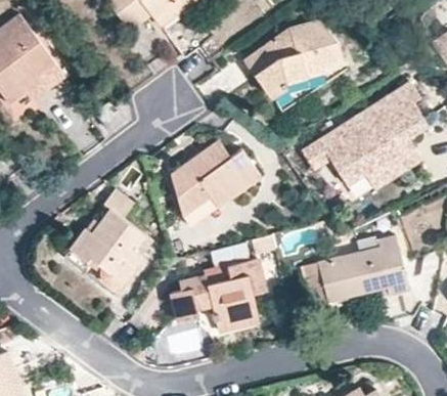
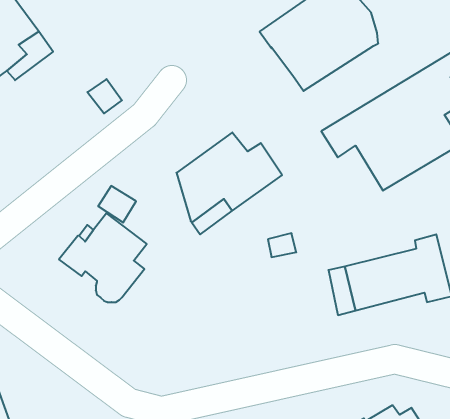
building: [169,258,267,332] -> none

